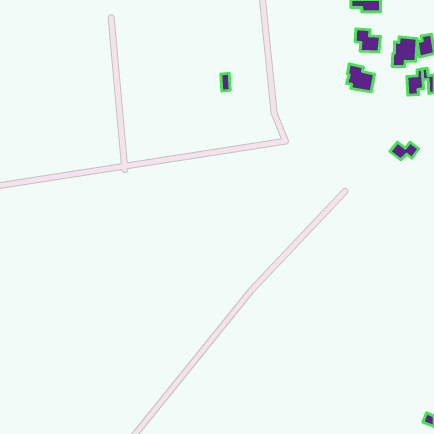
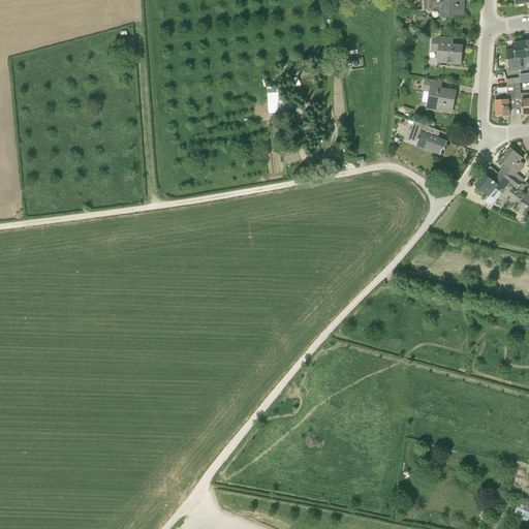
building: [392,37,417,67] -> none
building: none -> [408,121,447,154]
building: none -> [499,147,524,188]

